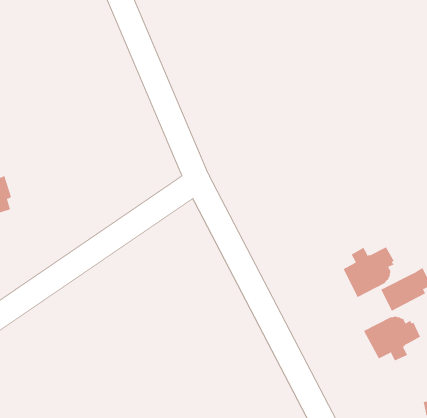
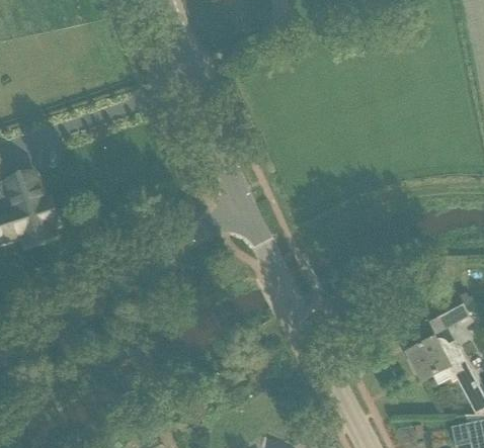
building: [343,247,395,298] -> none

